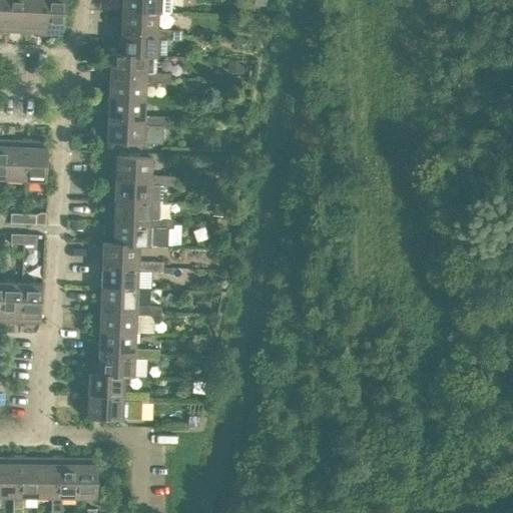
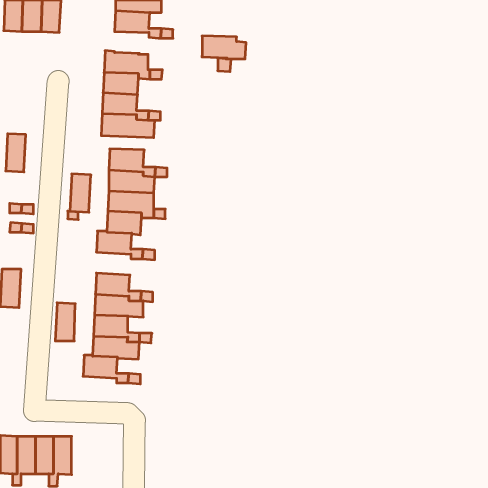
building: [120,33,166,57] -> [202,36,246,59]
building: [25,141,47,181] -> [70,174,91,212]
building: [101,265,137,289] -> none
building: [20,283,41,323] -> [55,303,75,341]
building: [86,395,122,419] -> none
building: [75,458,96,498] -> none

